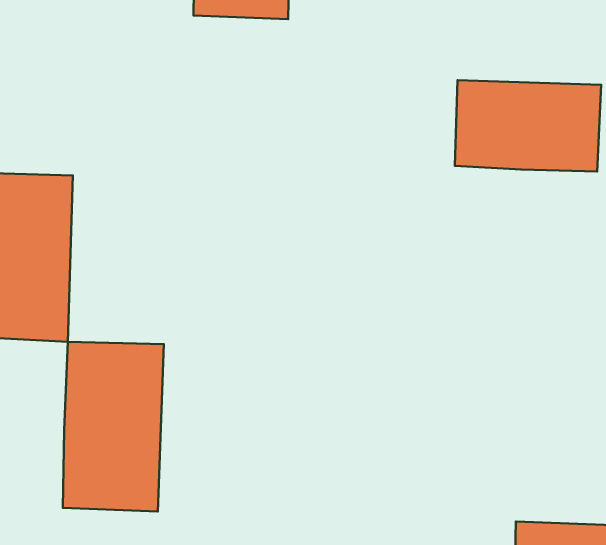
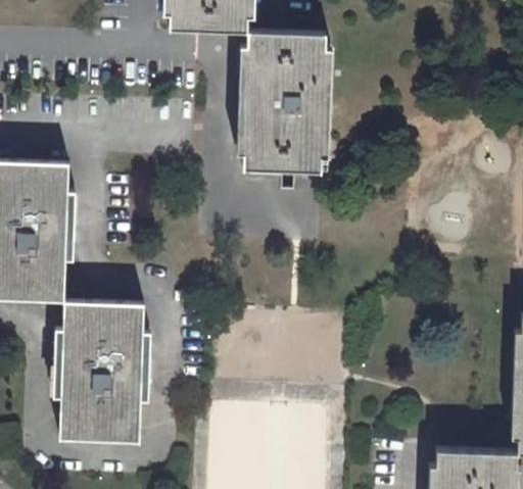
building: none -> [241,31,325,173]
building: [455,80,601,172] -> none

